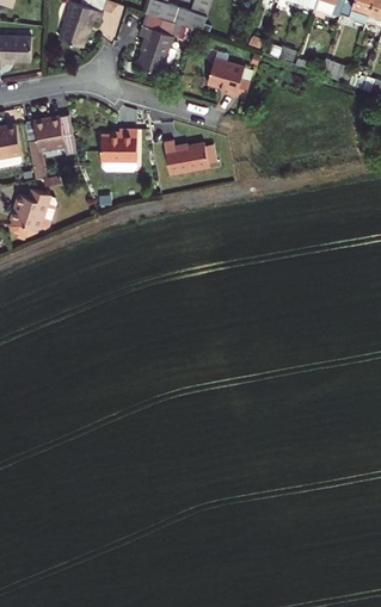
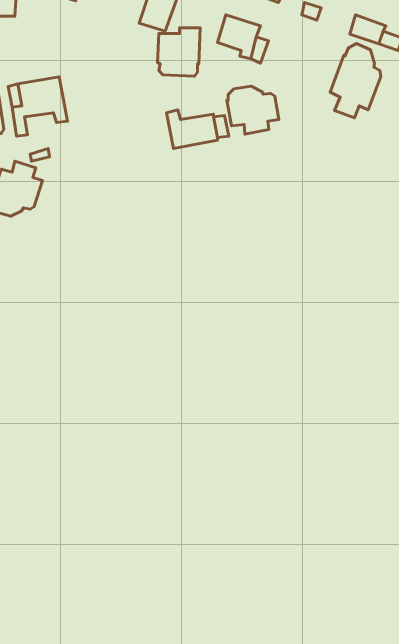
building: none -> [330,44,381,118]
building: none -> [227,86,279,134]
building: [98,128,135,169] -> [157,28,200,76]

